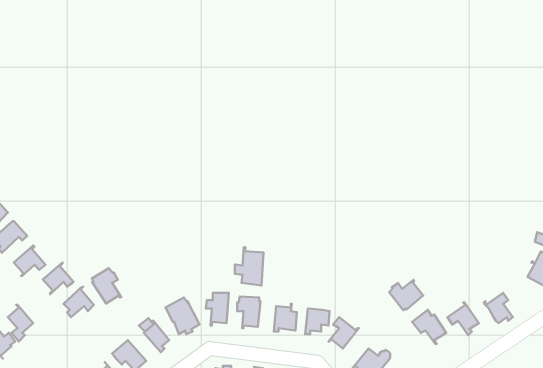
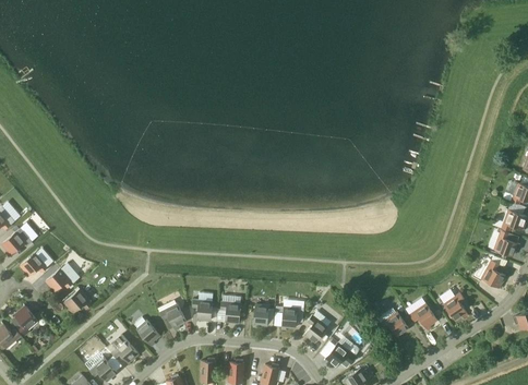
building: [235,247,263,285] -> none
building: [92,268,121,304] -> none
building: [389,280,423,310] -> none

